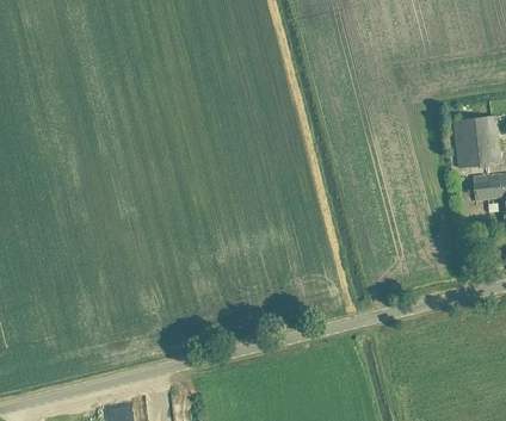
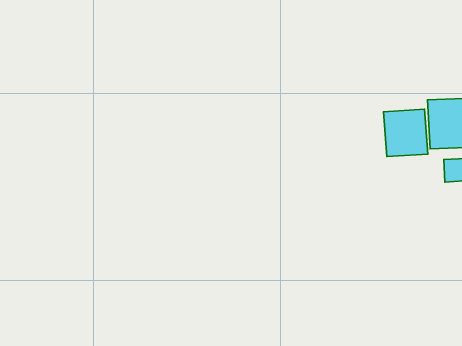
building: none -> [384,109,428,157]

